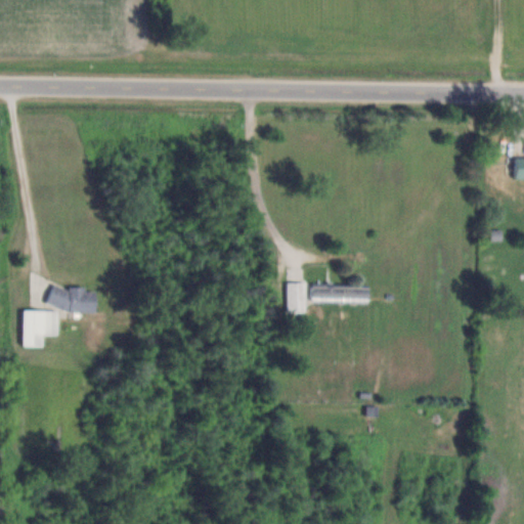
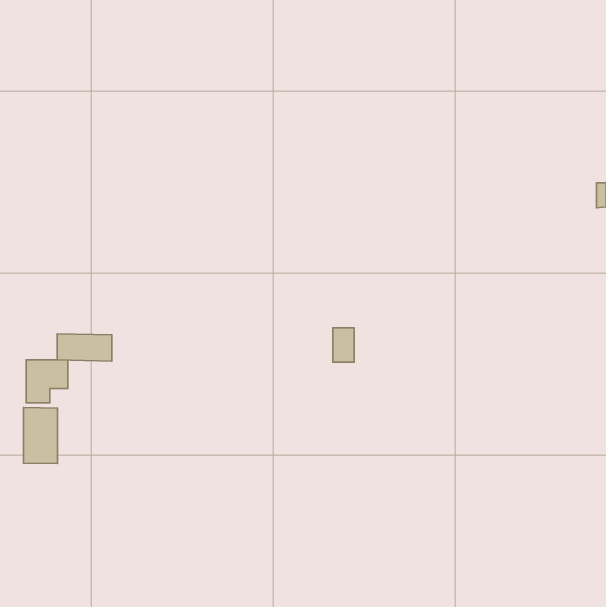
building: [310,285,369,303] -> none
building: none -> [24,408,57,464]

